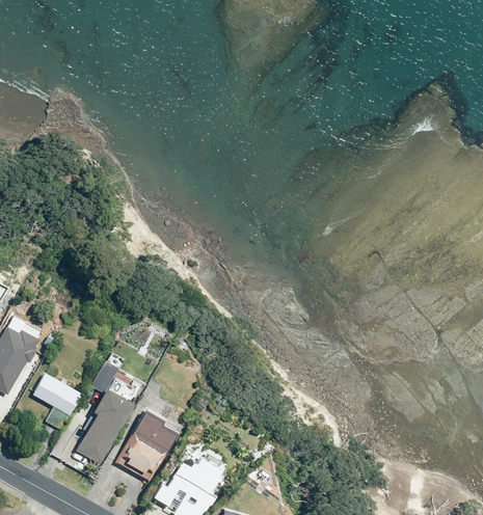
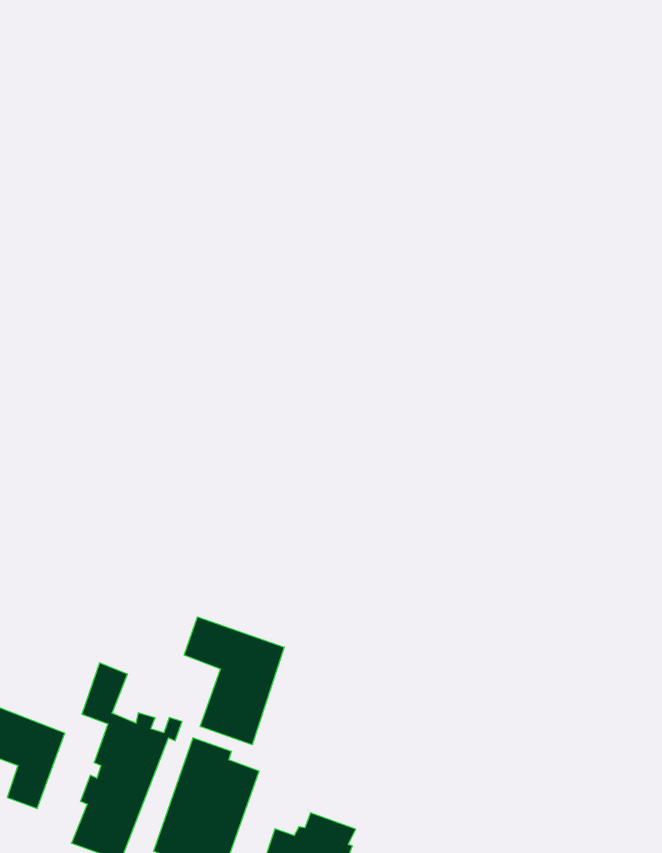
building: none -> [184,617,284,745]

